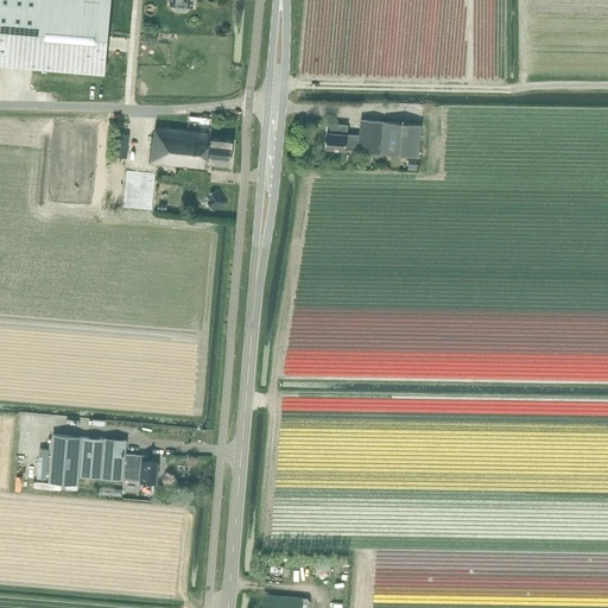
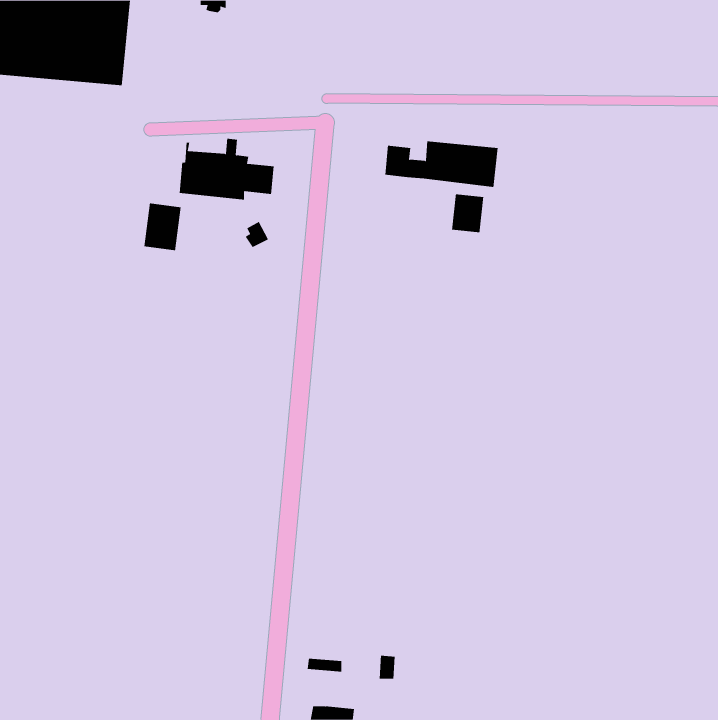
building: none -> [452,194,484,233]
building: [49,436,158,484] -> none

